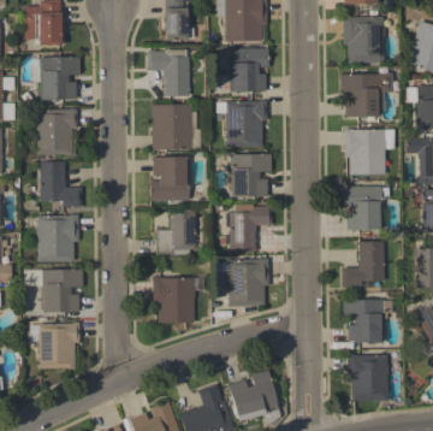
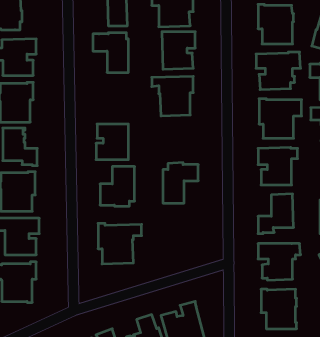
building: [150,104,194,150] -> none
building: [231,154,272,196] -> none
building: [221,258,268,306] -> none

